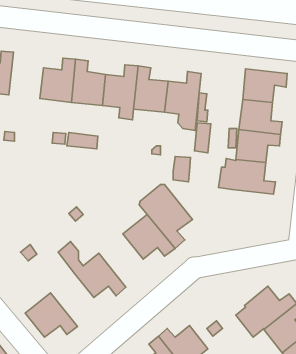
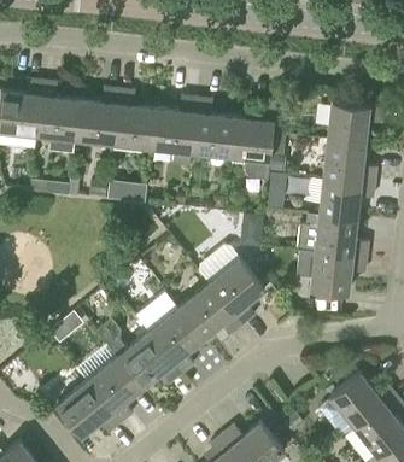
building: none -> [35,81,78,152]
building: none -> [310,252,365,294]
building: none -> [146,297,203,374]
building: none -> [87,357,141,423]

